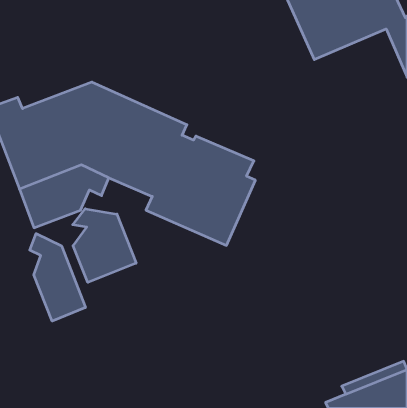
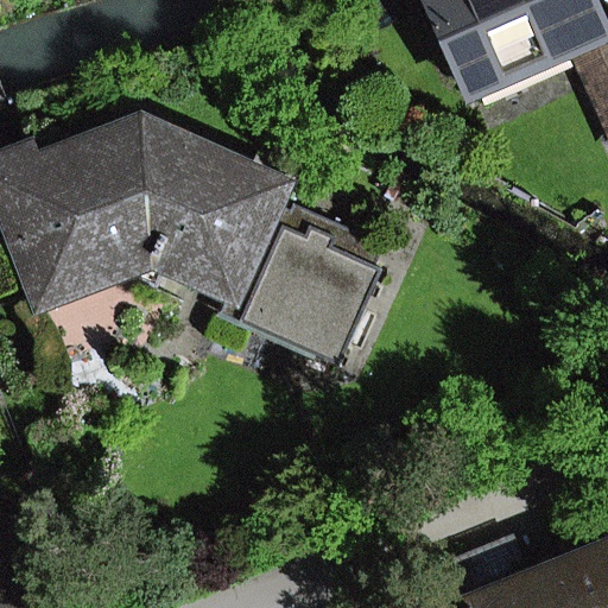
building: [73,209,136,282] -> none
building: [30,234,85,321] -> none

